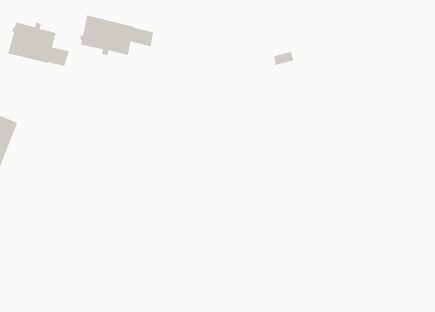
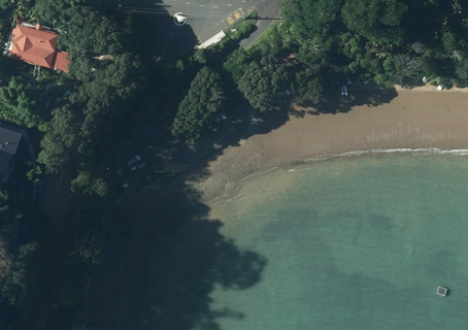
building: [79,14,154,56] -> none

